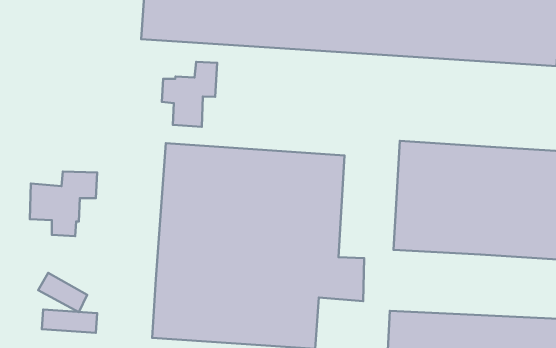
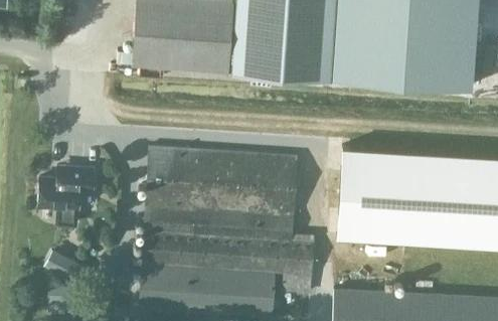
building: [162,62,217,127] -> none

